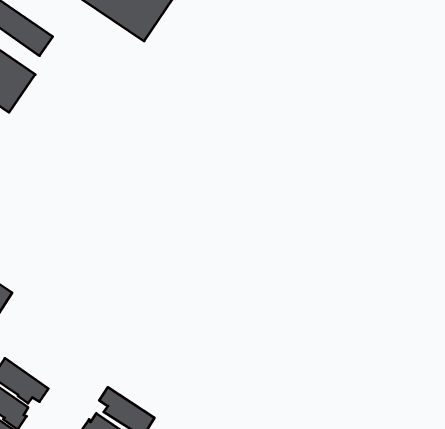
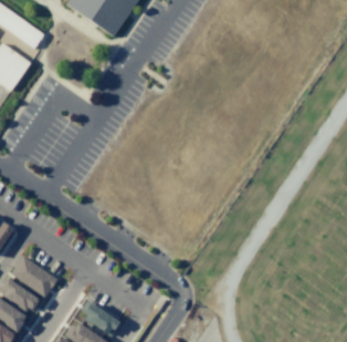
building: none -> [11,255,57,297]

